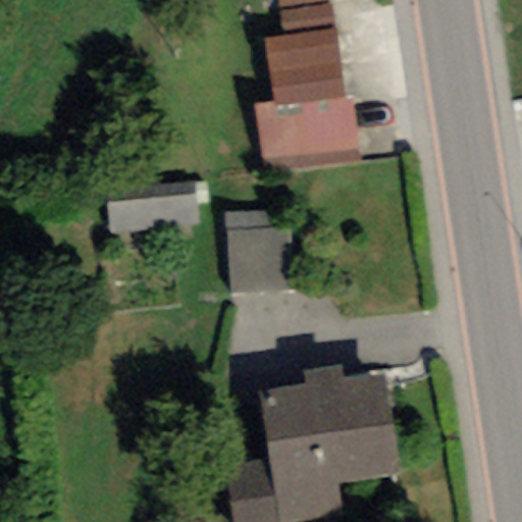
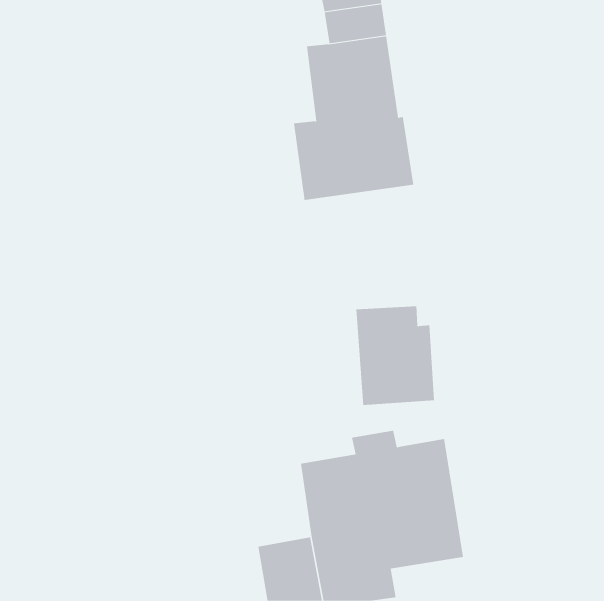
building: [107,178,200,232] -> none
building: [227,208,296,294] -> [355,306,435,405]

